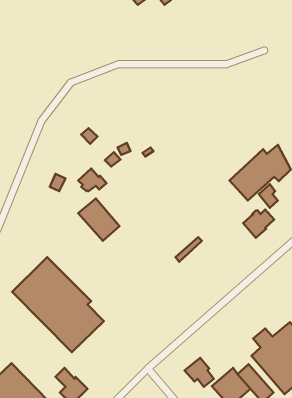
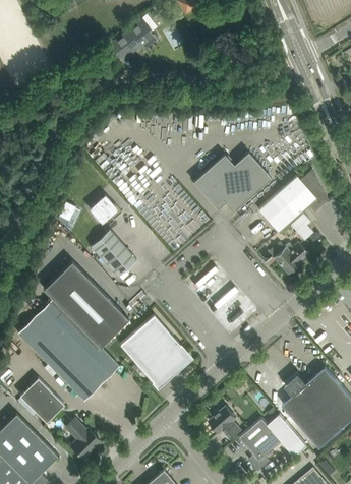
building: none -> [108,19,158,60]
building: none -> [193,152,272,210]
building: none -> [43,261,128,344]
building: none -> [120,314,188,383]
building: none -> [19,377,64,422]

